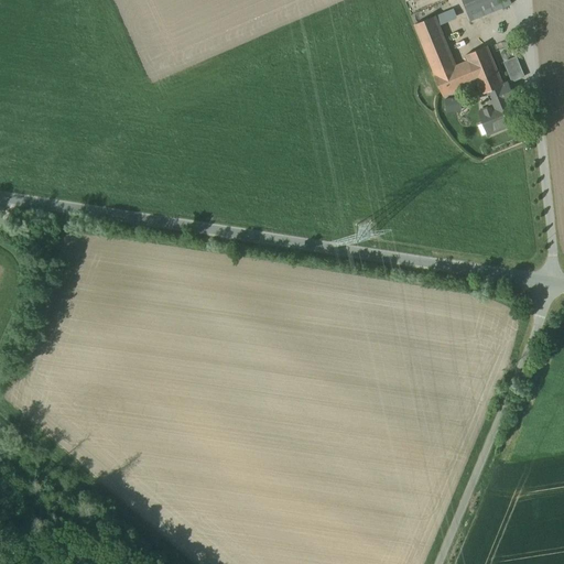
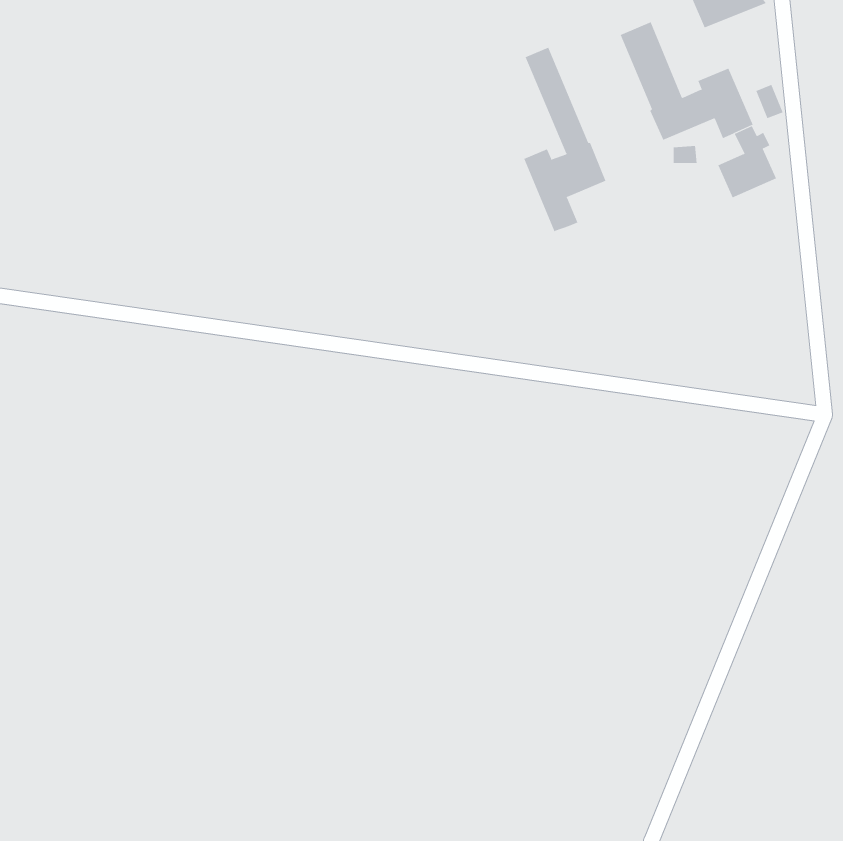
building: none -> [523,47,606,233]

